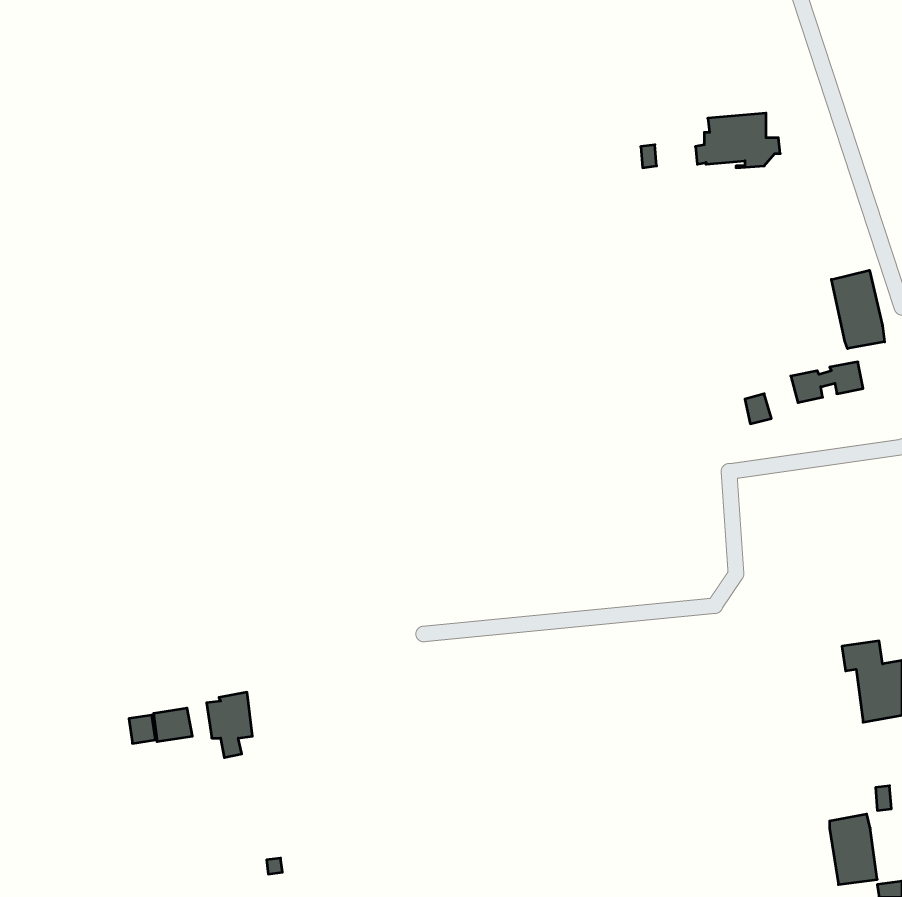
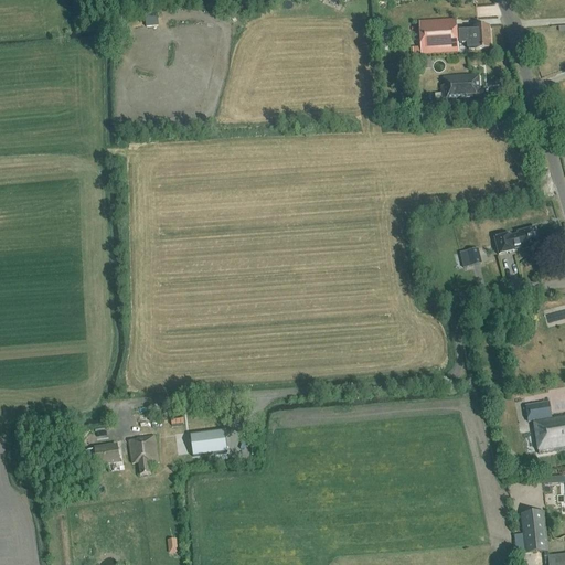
building: none -> [399,17,490,53]
building: [831,270,885,349] -> none
building: none -> [188,426,225,454]

